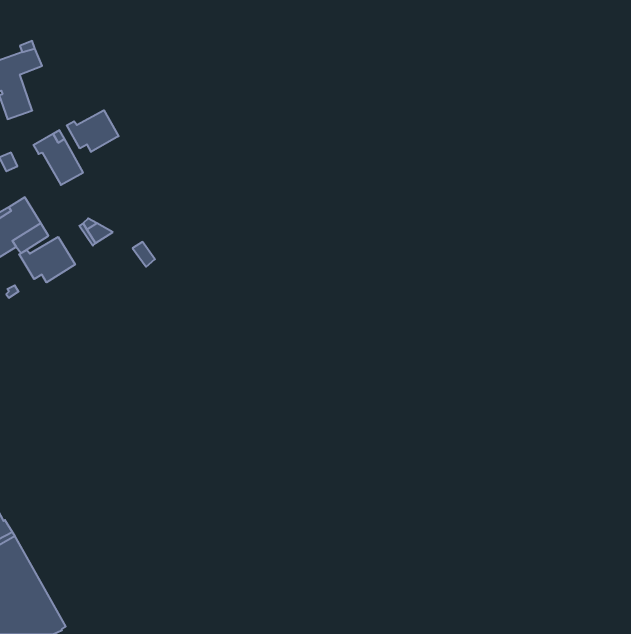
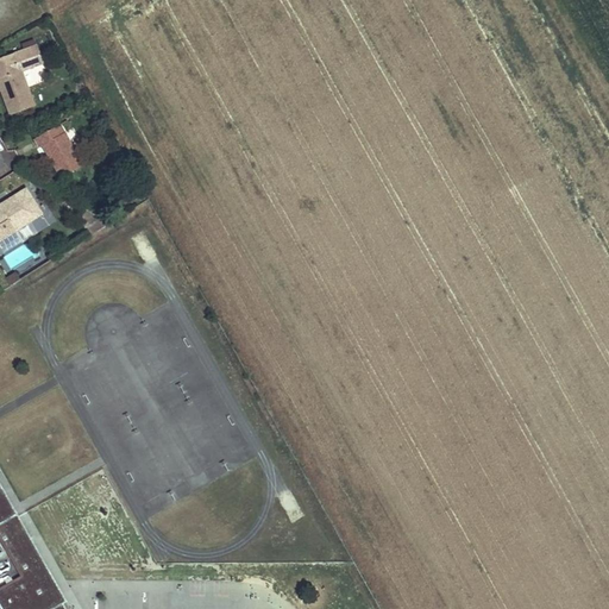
building: [67,110,119,152] -> none
building: [19,237,75,282] -> none

